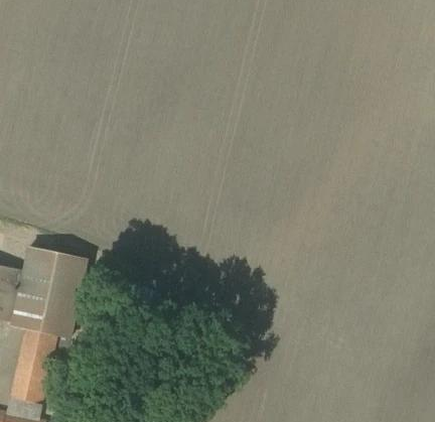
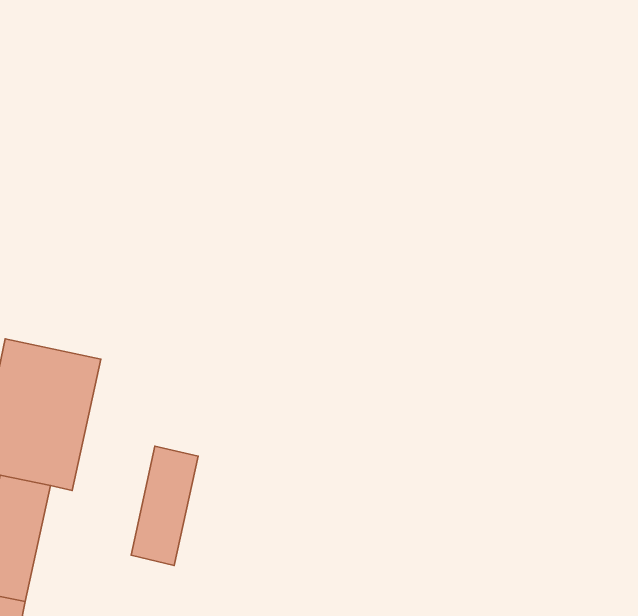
building: none -> [131,446,198,565]

